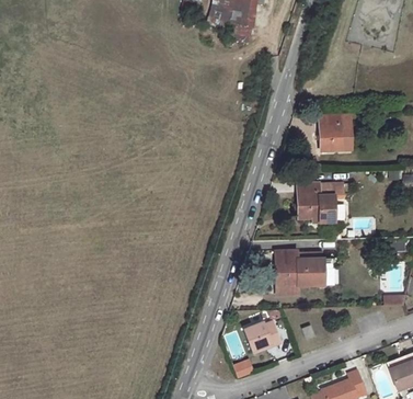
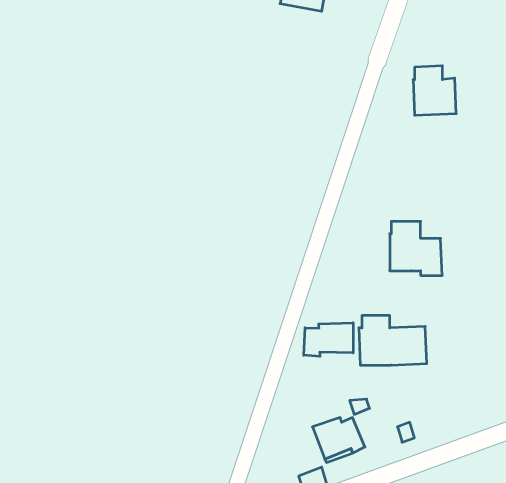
building: [321,114,352,149] -> [413,66,456,115]
building: none -> [304,323,353,356]

